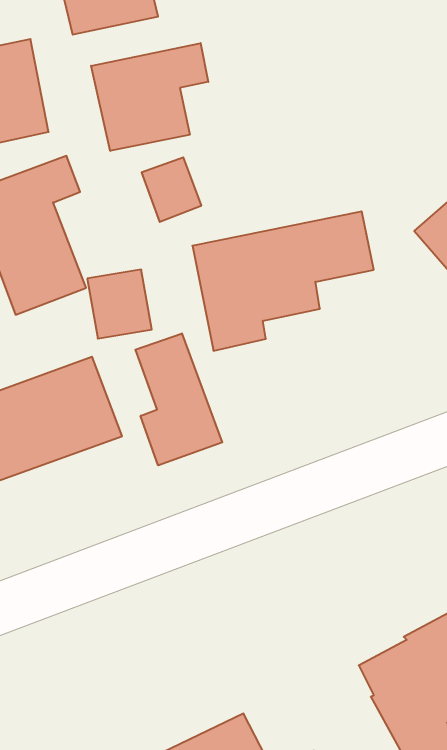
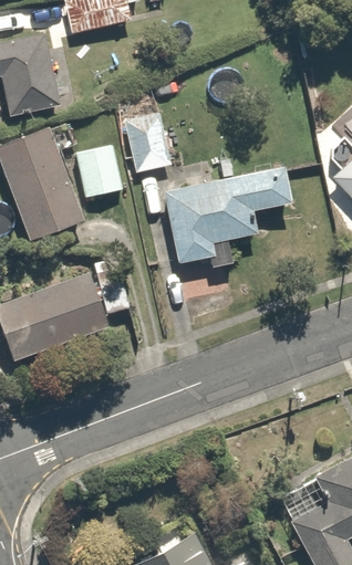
building: [91,43,208,151] -> none
building: [87,270,152,339] -> [77,146,125,197]
building: [135,333,222,465] -> none

